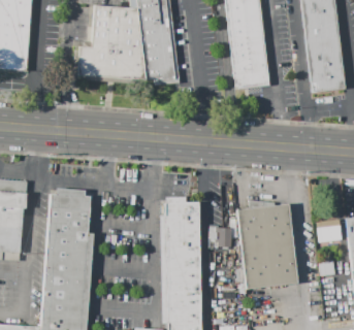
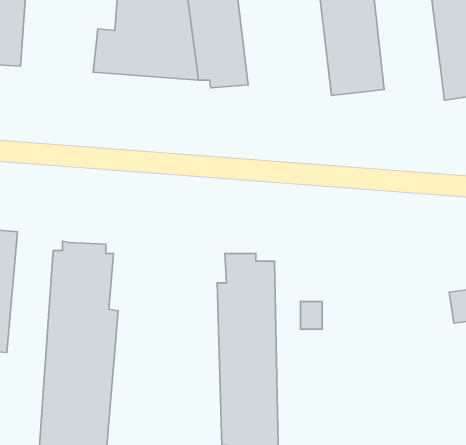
building: [236,204,297,290] -> none

